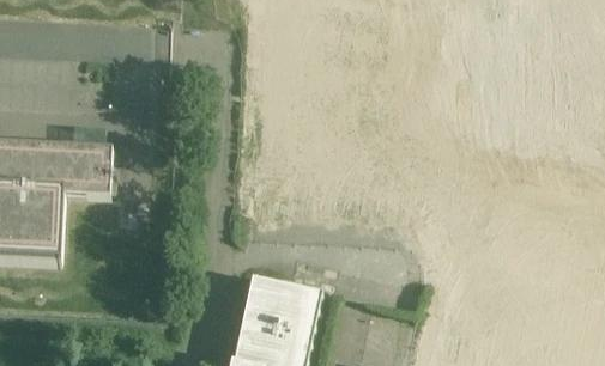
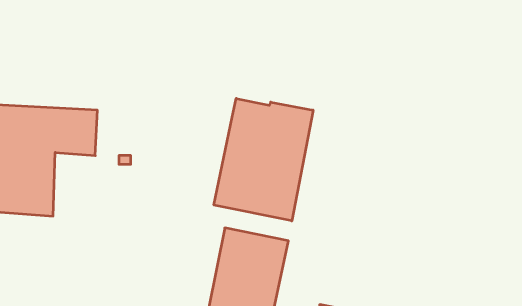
building: none -> [214,98,313,221]

